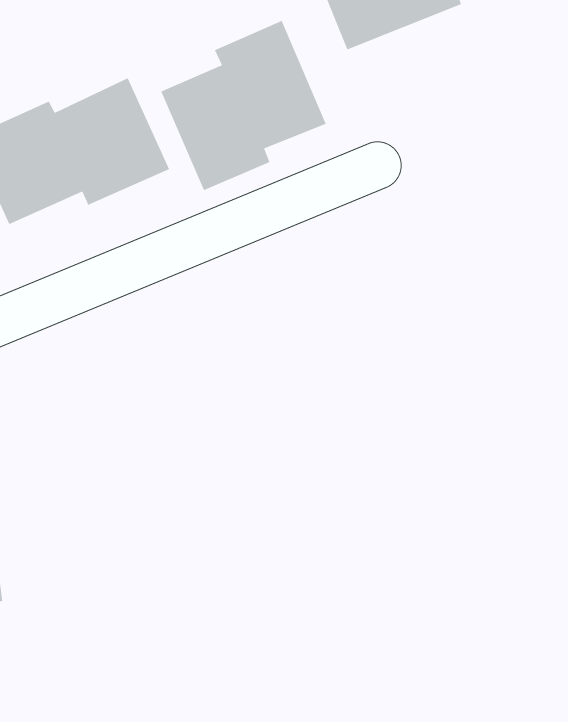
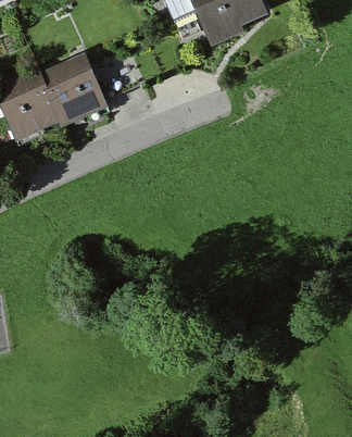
building: [160,20,327,191] -> none

